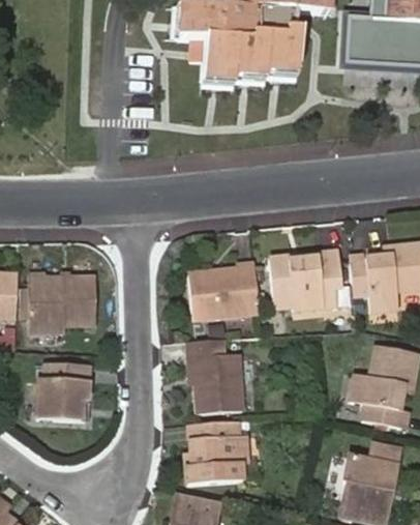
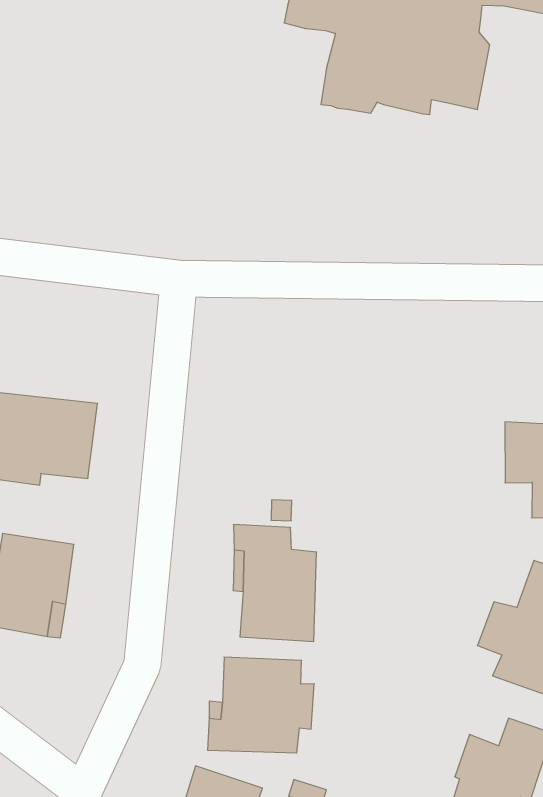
building: [266,253,338,312] -> none
building: [185,266,256,319] -> none

